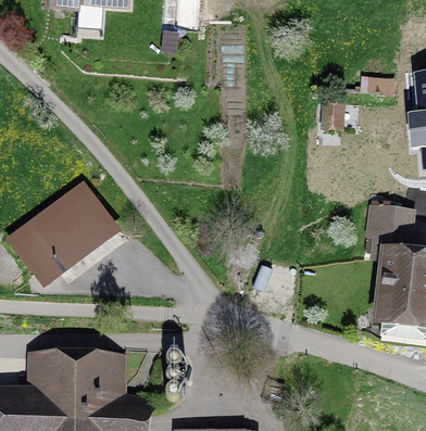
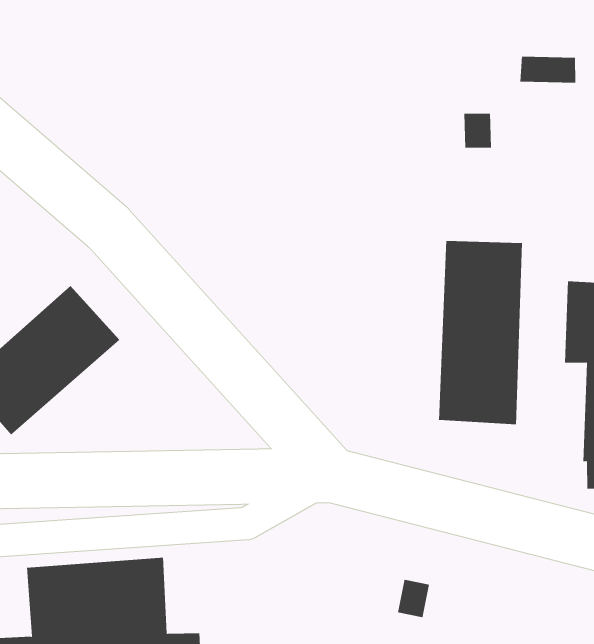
building: none -> [438,240,523,425]

